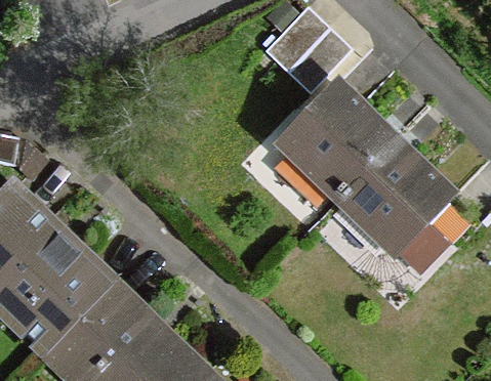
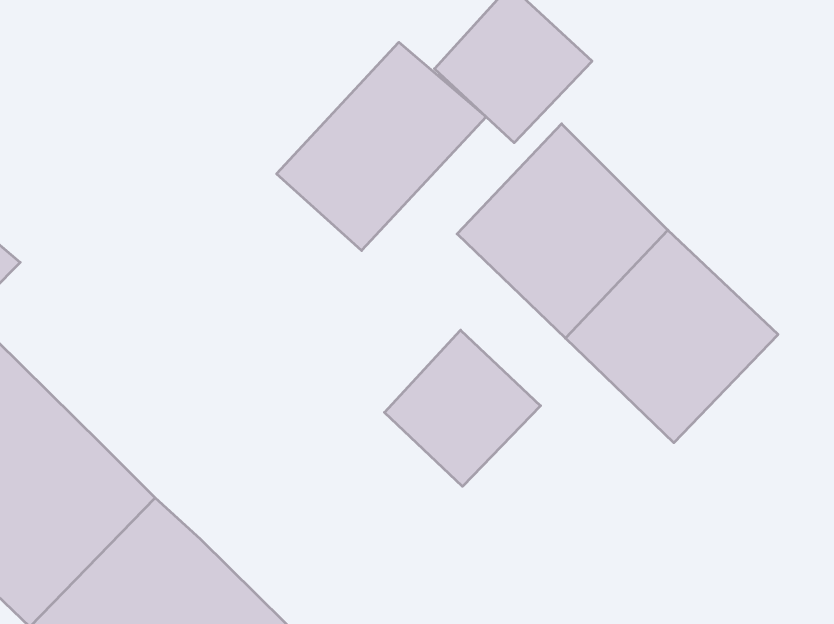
building: none -> [277,42,486,251]
building: none -> [384,330,541,486]

